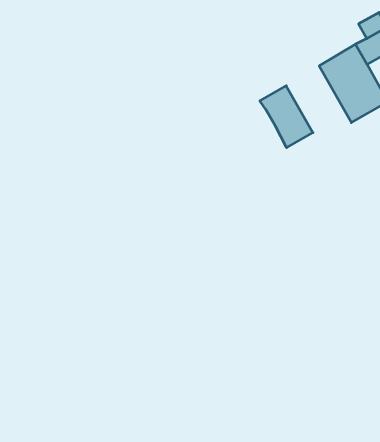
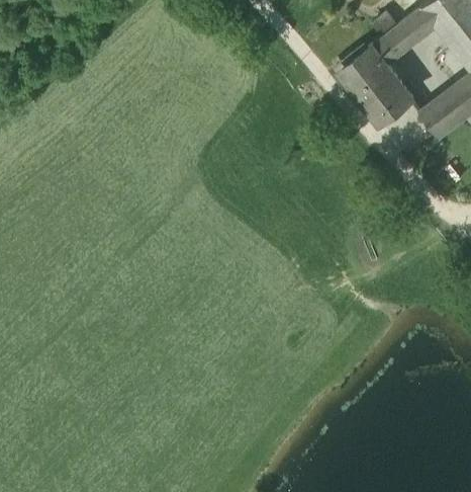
building: [260,86,313,148] -> none

